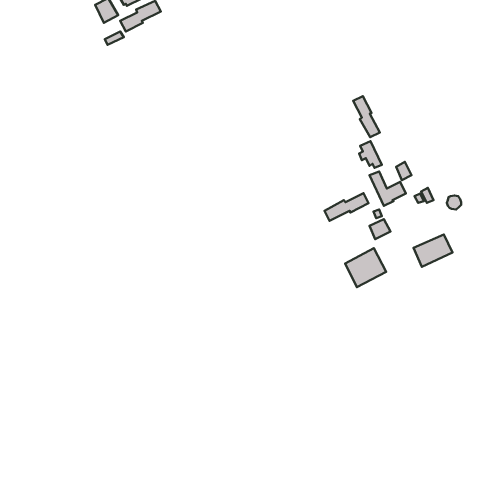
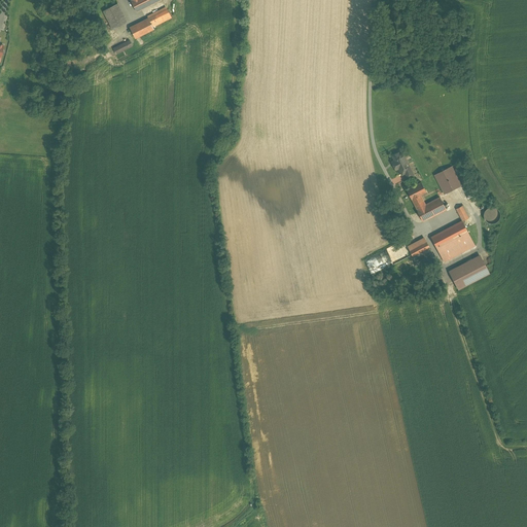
building: [353,96,380,137] -> none
building: [325,193,368,221] -> none
building: [345,248,386,287] -> [429,220,473,262]

